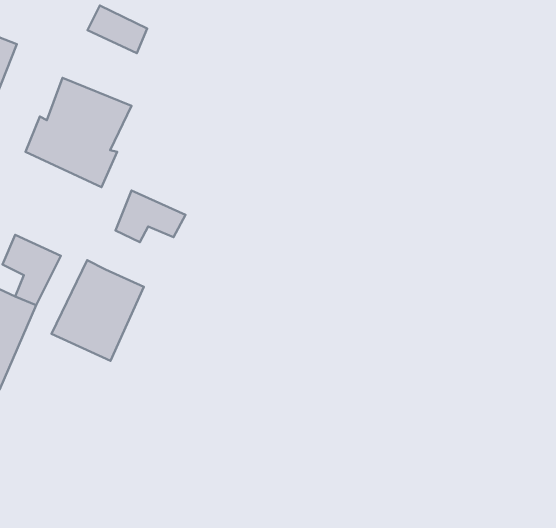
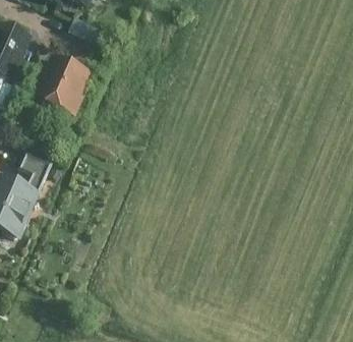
building: [116,190,185,242] -> none
building: [51,260,144,361] -> none

